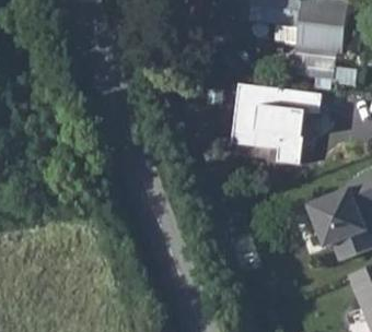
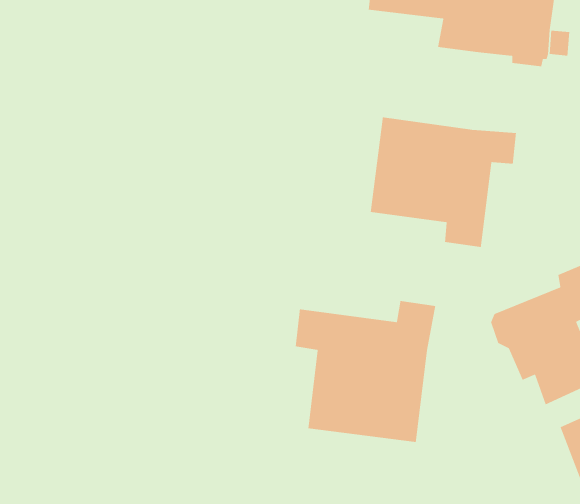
building: [294,44,337,78] -> none
building: none -> [295,300,436,443]

